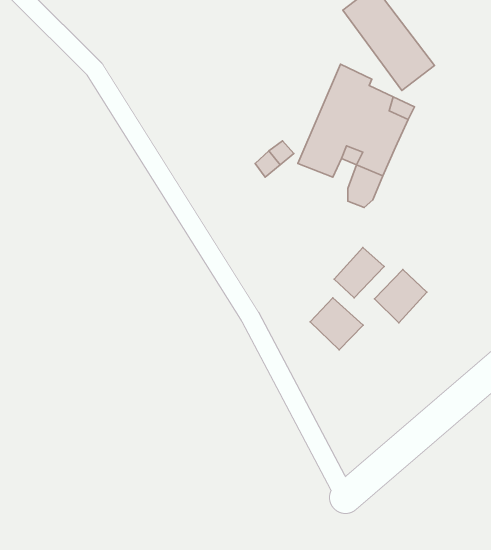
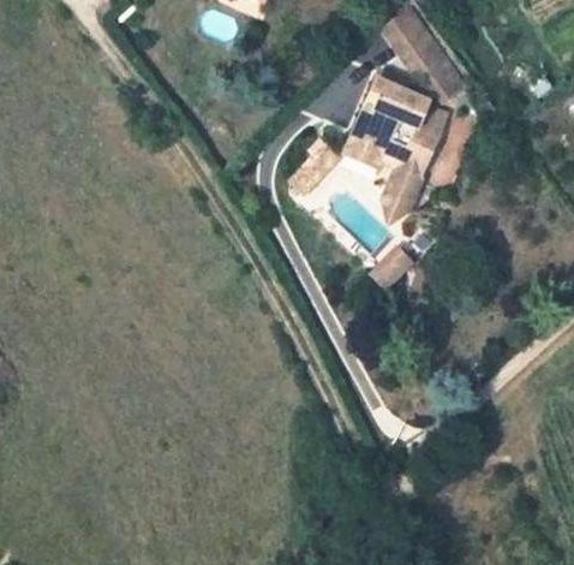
building: [375,269,427,323] -> none
building: [310,298,363,350] -> none

